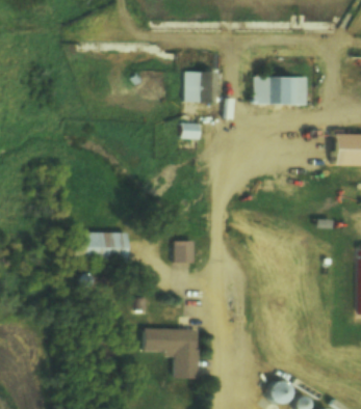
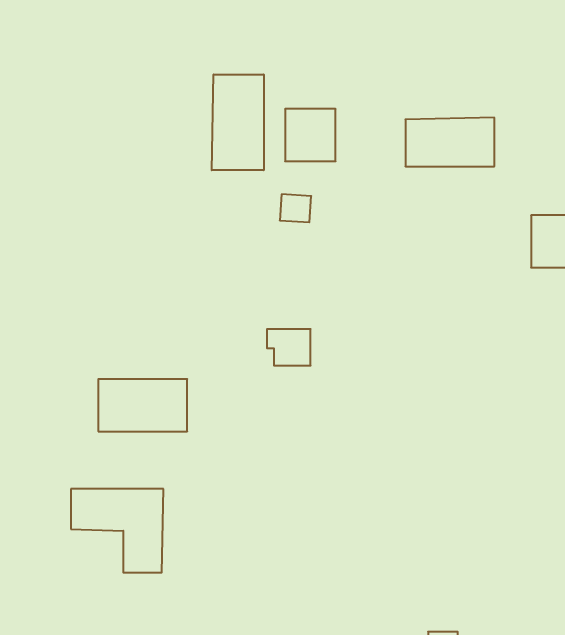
building: none -> [212,74,264,170]
building: [169,240,195,262] -> [267,329,311,366]
building: [143,328,198,378] -> [71,489,163,573]

